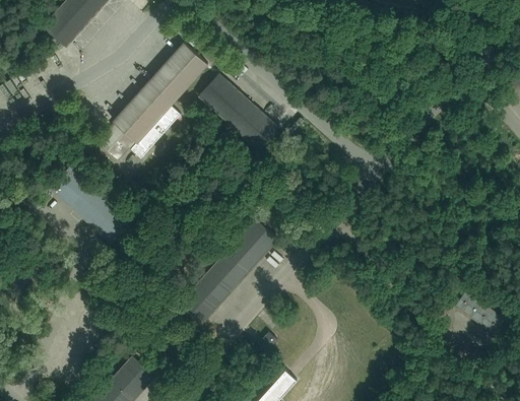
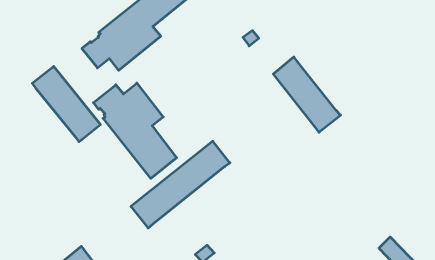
building: [199,73,279,150] -> [273,57,341,132]
building: none -> [93,83,177,178]

